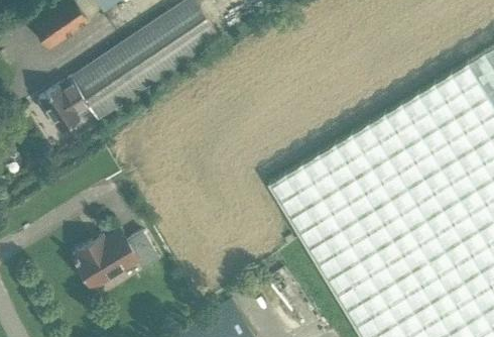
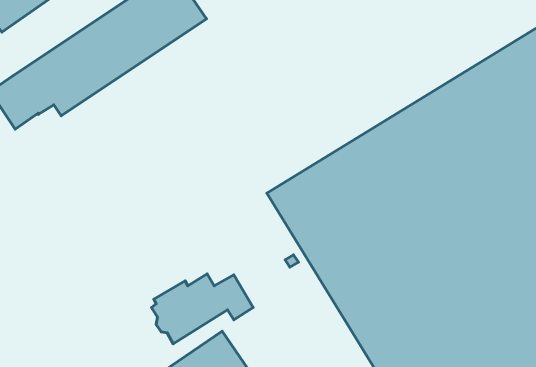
building: [73,231,157,290] -> [151,274,253,344]

